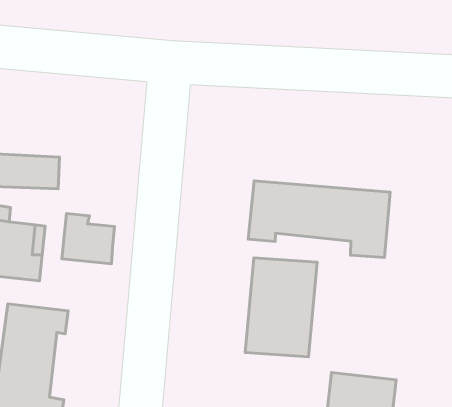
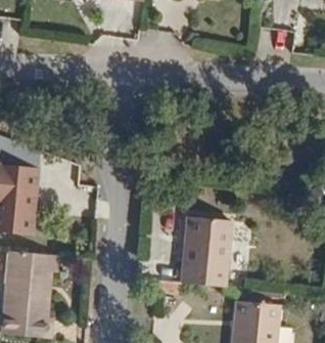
building: [248,181,390,258] -> none
building: [62,214,114,264] -> none

